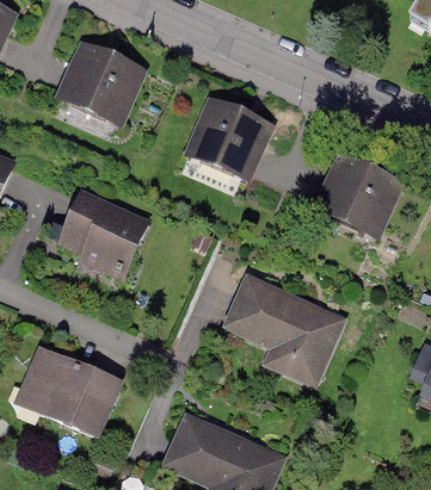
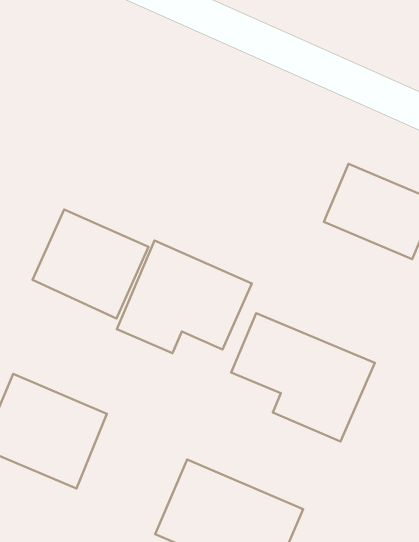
building: [59,38,141,120] -> none
building: [183,92,270,175] -> none
building: none -> [117,240,252,353]

